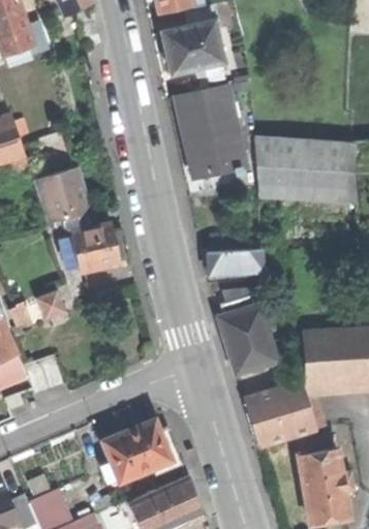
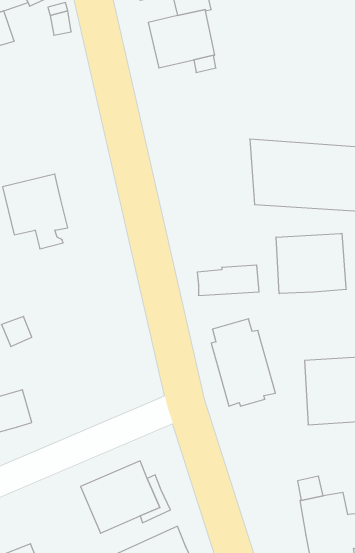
building: [178,85,245,175] -> none
building: none -> [276,233,346,294]
building: [68,223,117,273] -> none
building: [244,381,314,447] -> none

